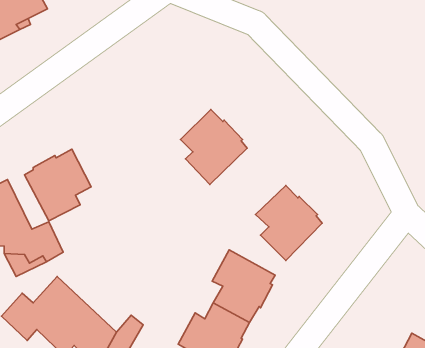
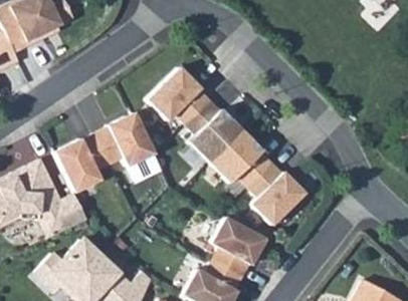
building: none -> [147,69,210,125]
building: none -> [94,114,155,167]
building: none -> [209,132,272,188]

